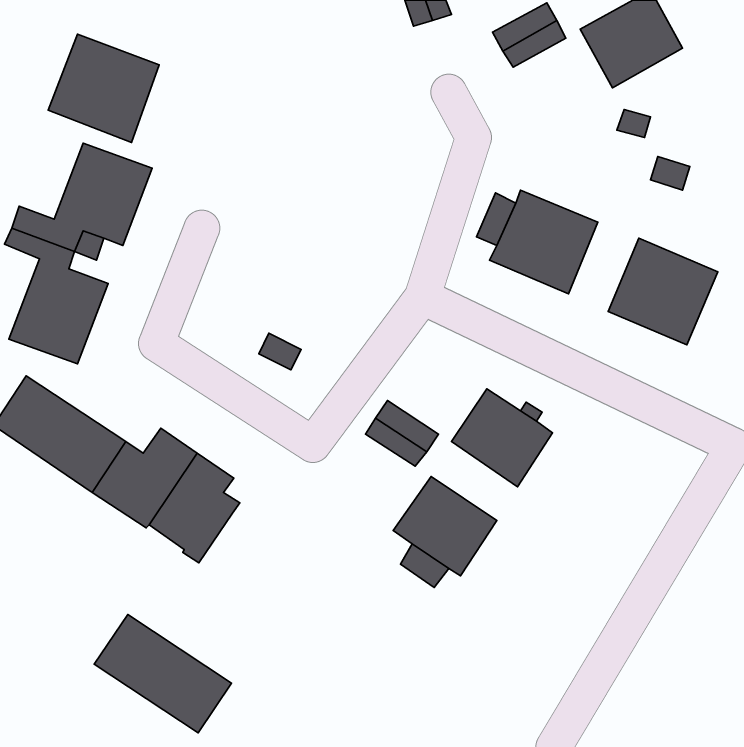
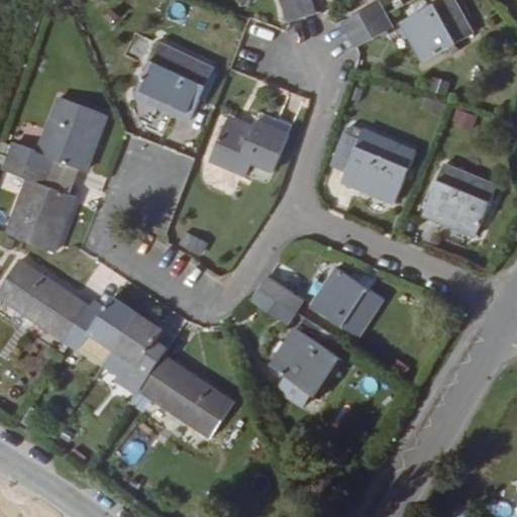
building: [48,34,159,142] -> [131,45,208,120]
building: none -> [210,121,289,175]
building: [94,614,232,733] -> [137,354,232,436]

